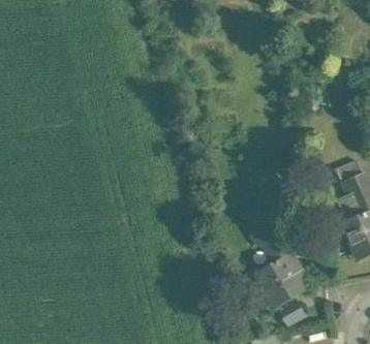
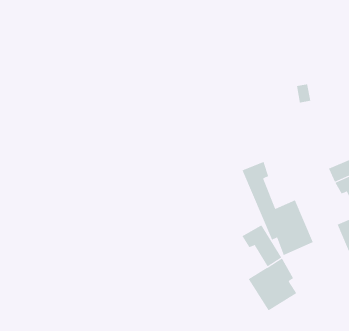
building: none -> [242,161,313,256]

